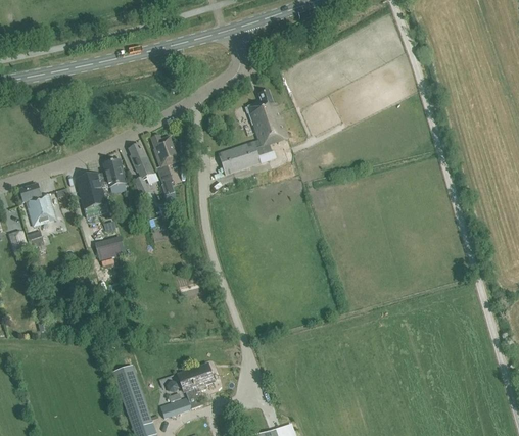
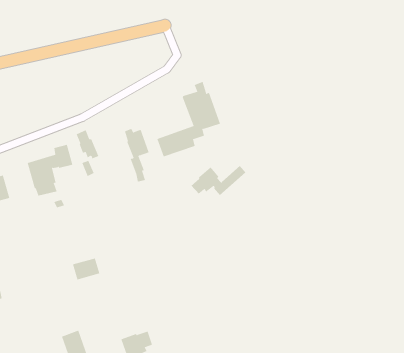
building: [151,135,179,194] -> [124,128,149,182]
building: none -> [190,165,246,196]
building: [95,236,126,260] -> [72,258,100,280]

